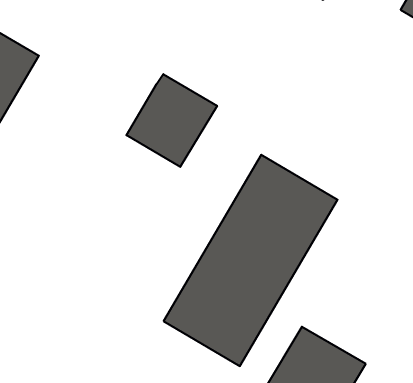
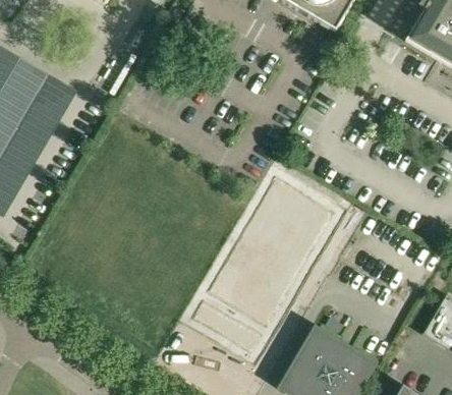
building: [126,74,217,167] -> none

